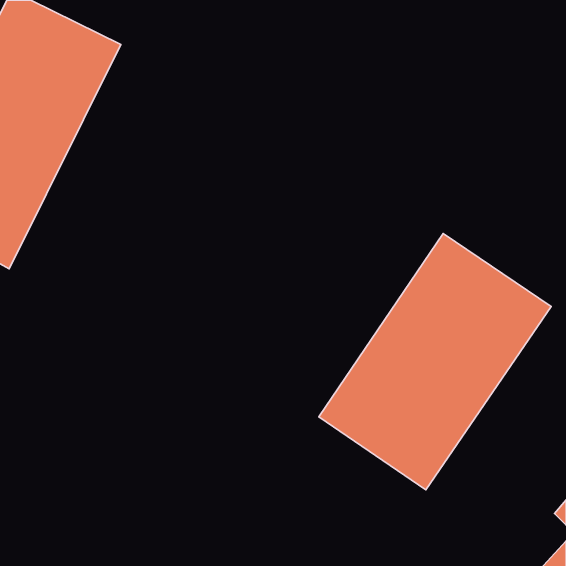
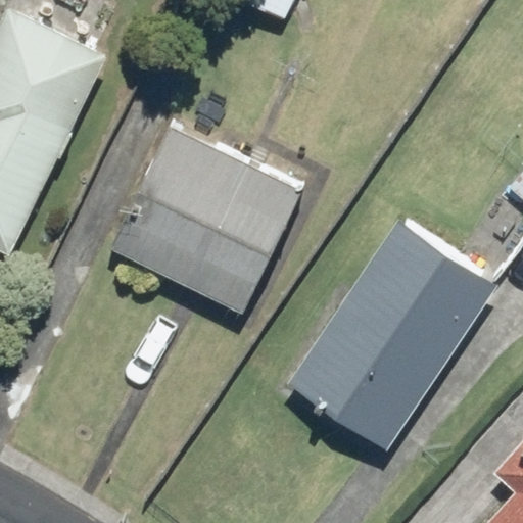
building: none -> [110,126,303,312]

